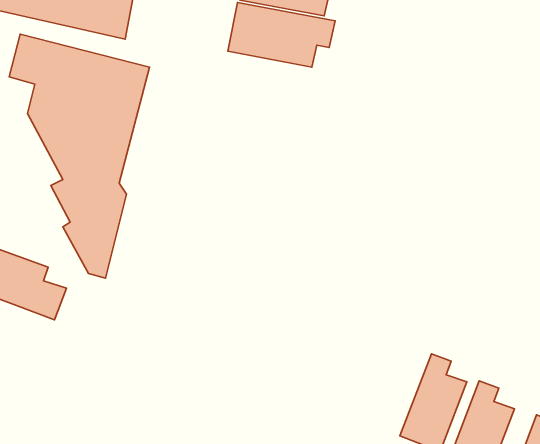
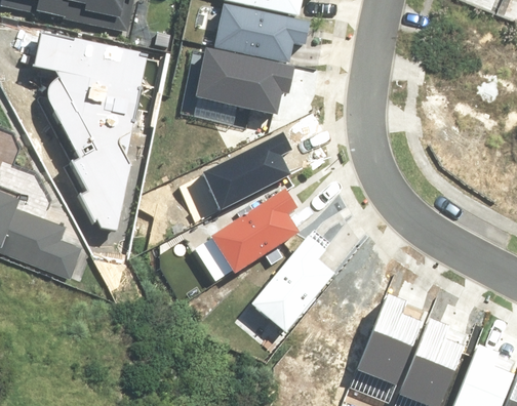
building: none -> [198,51,290,113]
building: none -> [205,133,293,209]
building: none -> [209,189,293,274]
building: none -> [251,237,331,329]

